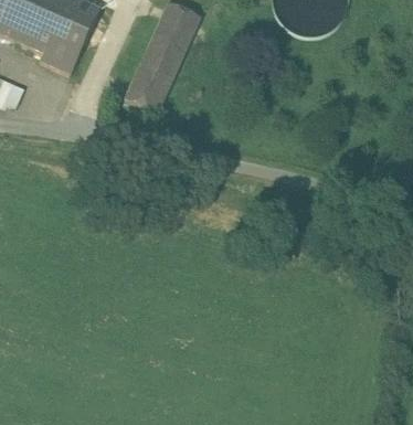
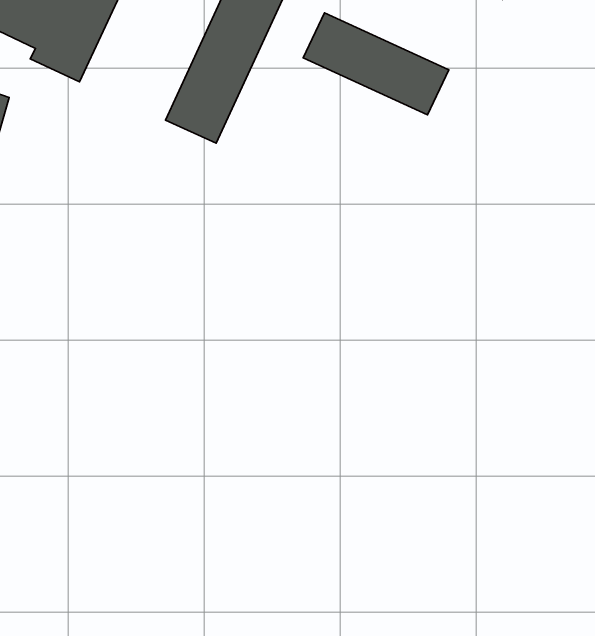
building: none -> [303,13,449,115]

